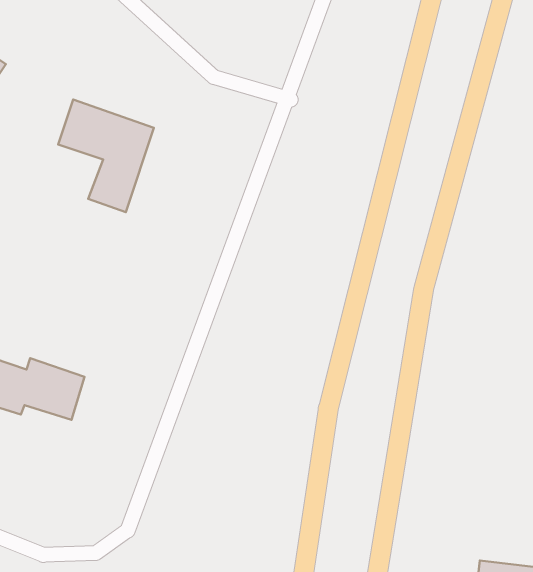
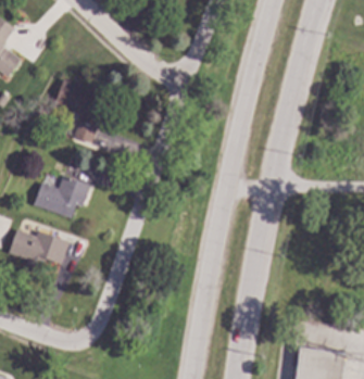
building: none -> [33,174,90,218]

